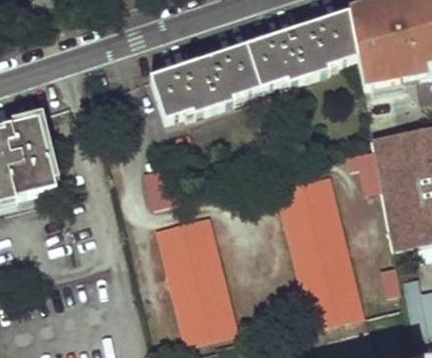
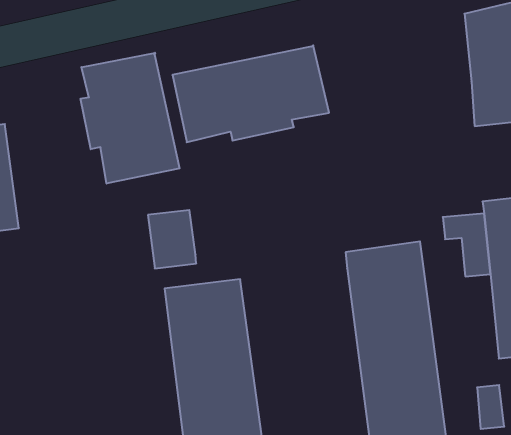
building: [243,13,354,89] -> none
building: none -> [81,53,180,184]

